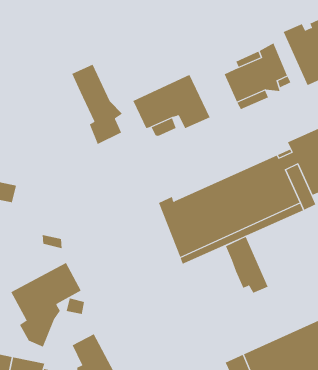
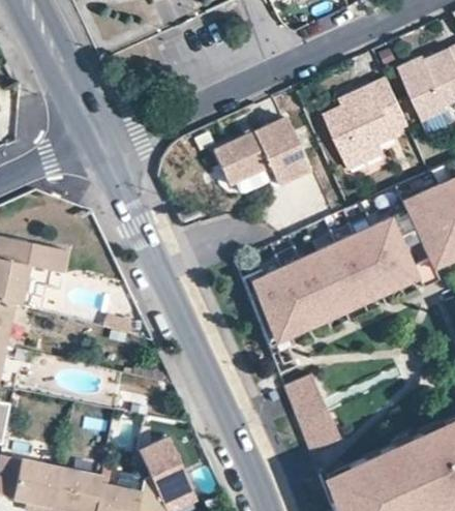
building: [72,64,123,145] -> none
building: [225,236,269,293] -> [285,371,339,443]
building: [10,262,82,348] -> none

